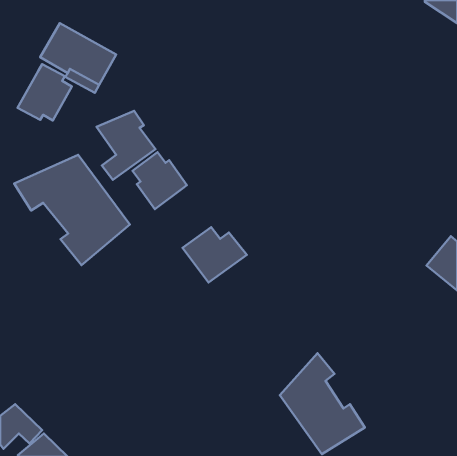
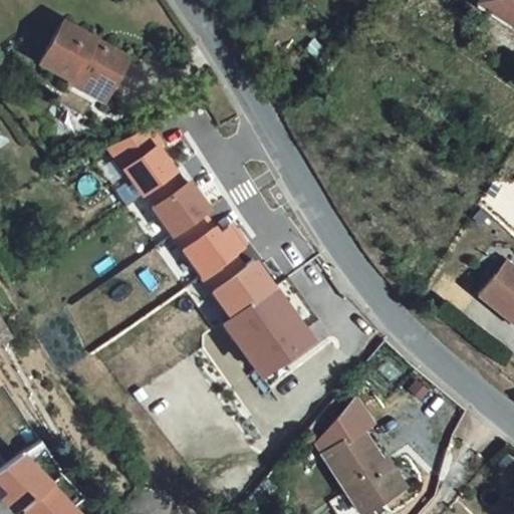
building: [18,64,72,120] -> none
building: [14,155,130,265] -> none
building: none -> [174,213,249,279]
building: none -> [228,287,310,369]

